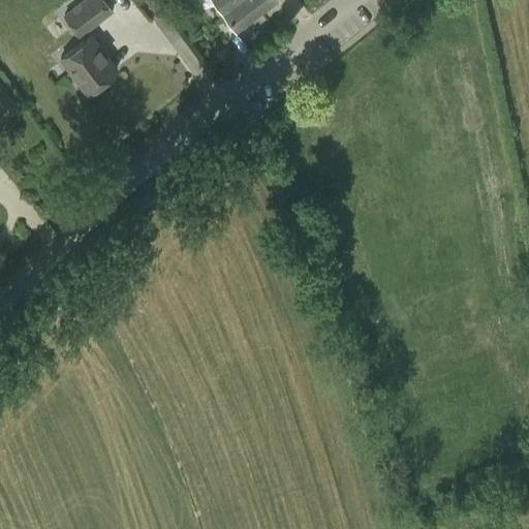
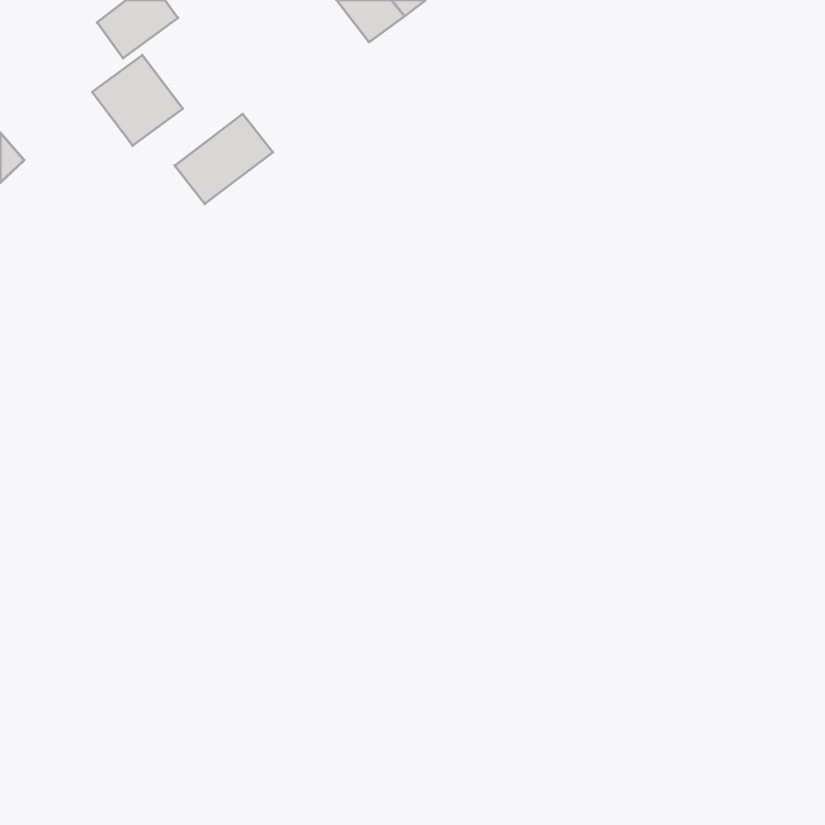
building: none -> [175,114,273,204]

